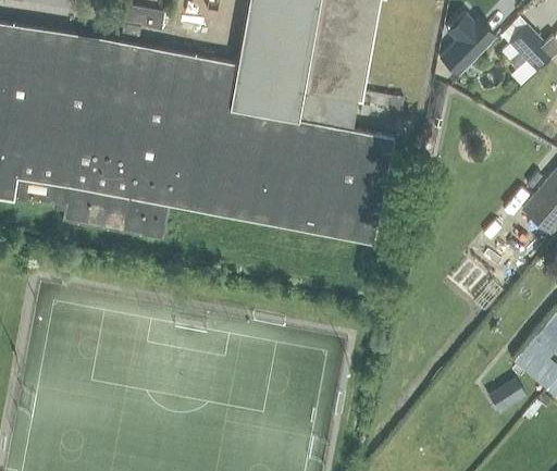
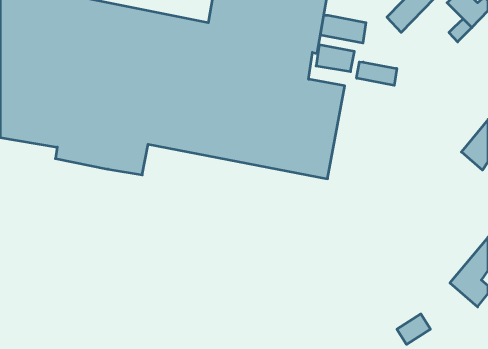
building: none -> [320,15,366,43]
building: none -> [357,62,397,85]
building: [487,377,525,412] -> [397,314,430,344]

